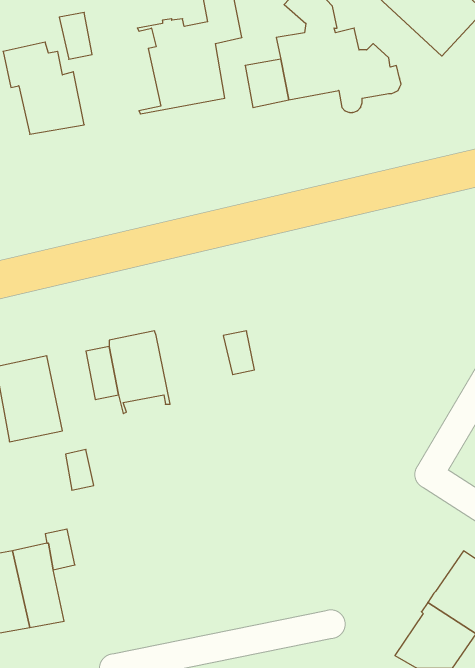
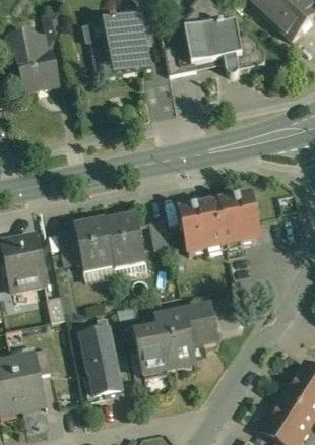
building: none -> [179,192,259,251]
building: none -> [106,213,146,266]
building: none -> [135,306,217,374]
building: none -> [80,327,121,395]

